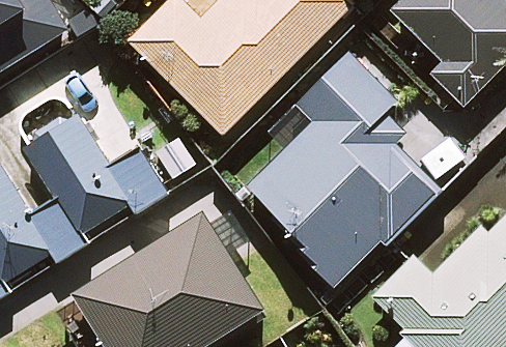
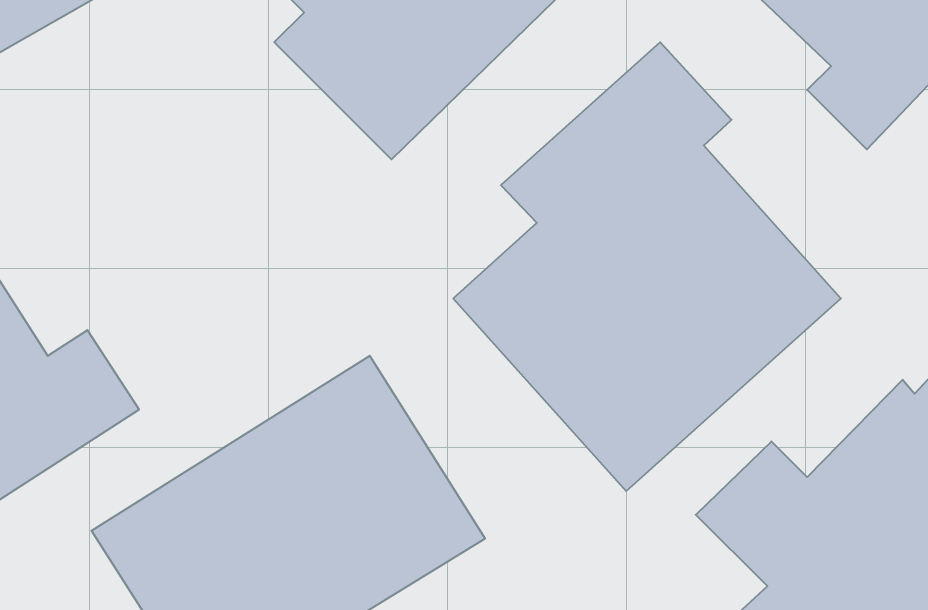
building: [24,116,164,241] -> none

